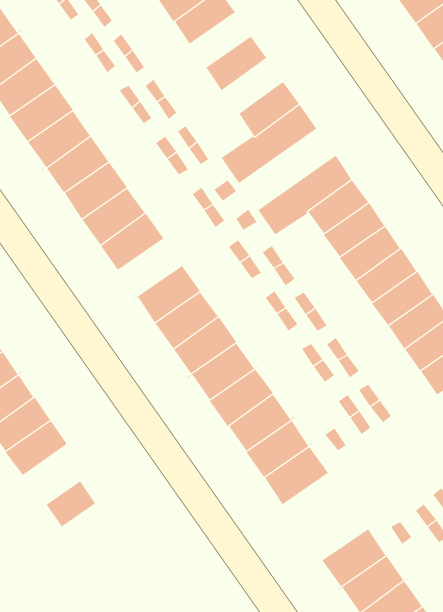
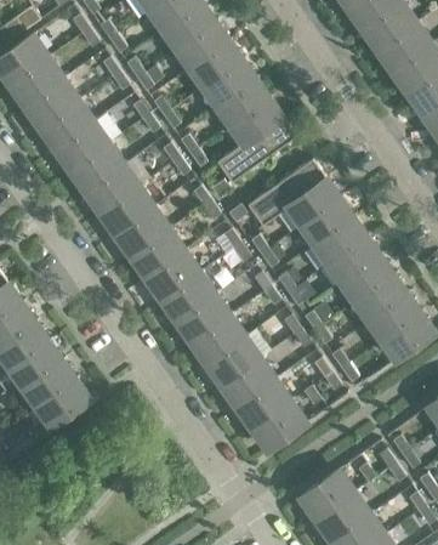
building: none -> [188,39,245,89]
building: none -> [215,76,272,127]
building: none -> [129,227,188,279]
building: [43,479,99,529] -> none

